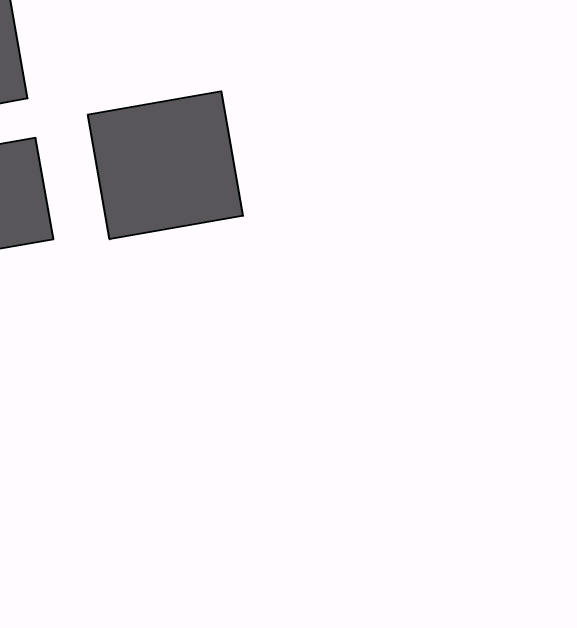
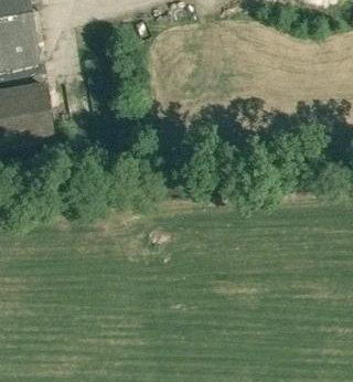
building: [88,91,243,239] -> none

